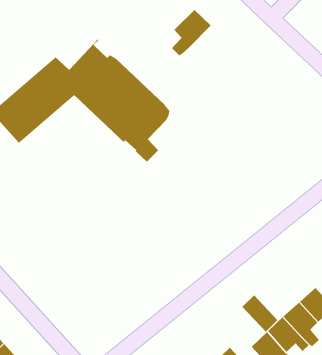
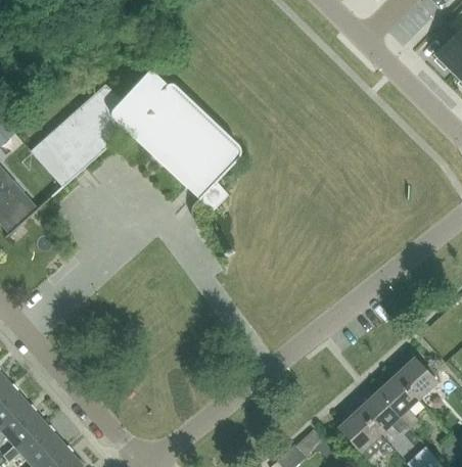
building: [171,9,212,56] -> none
building: [242,295,278,332] -> none

